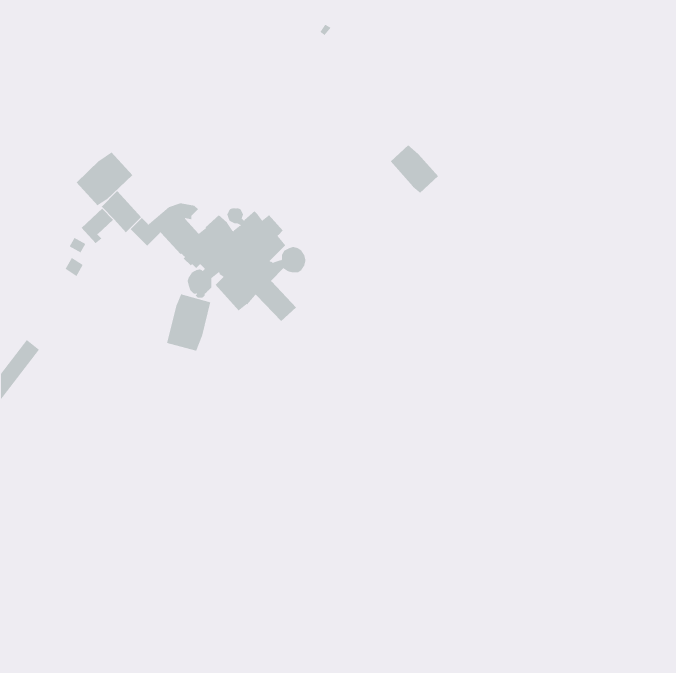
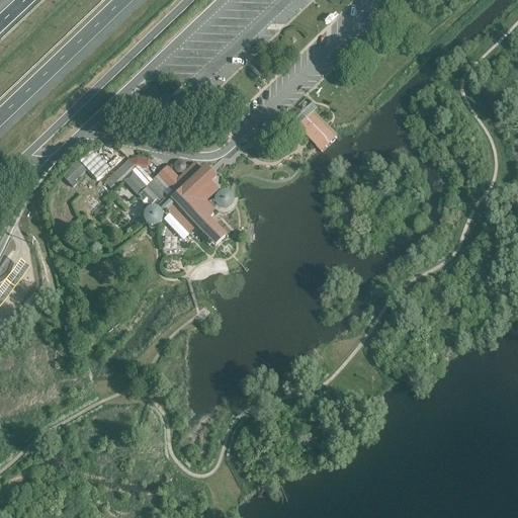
building: [76,152,133,206] -> none
building: [166,294,211,352] -> none

